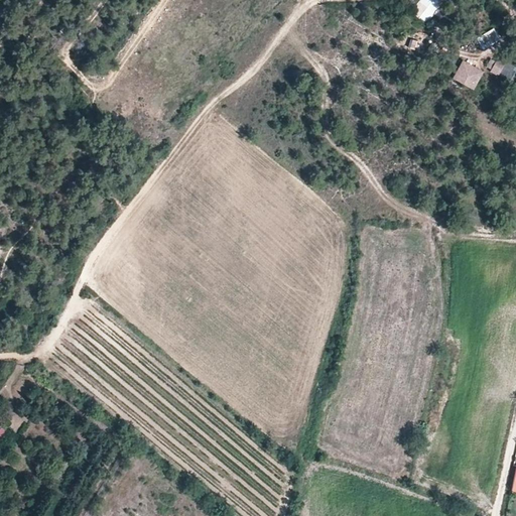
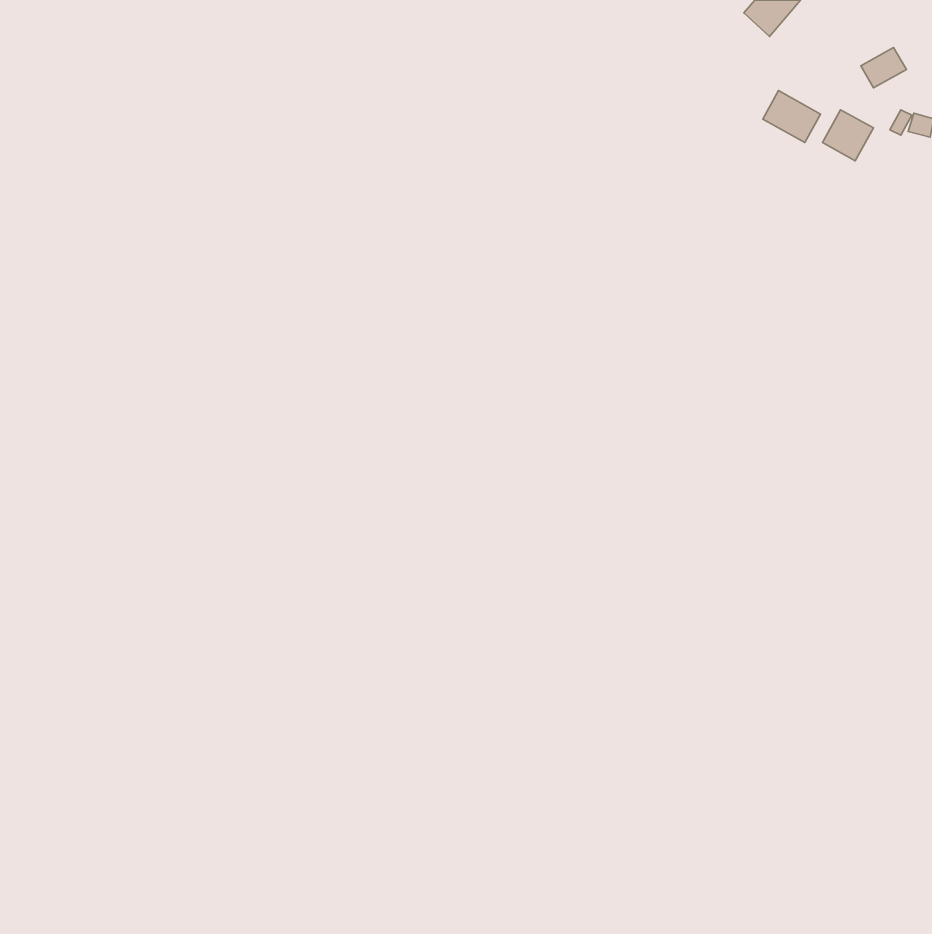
building: none -> [763,91,821,142]

